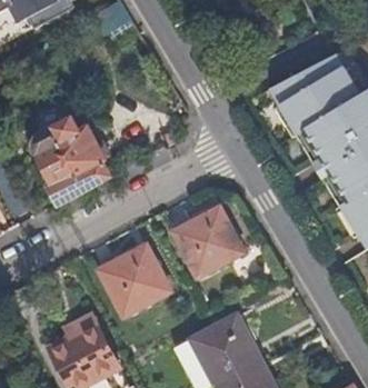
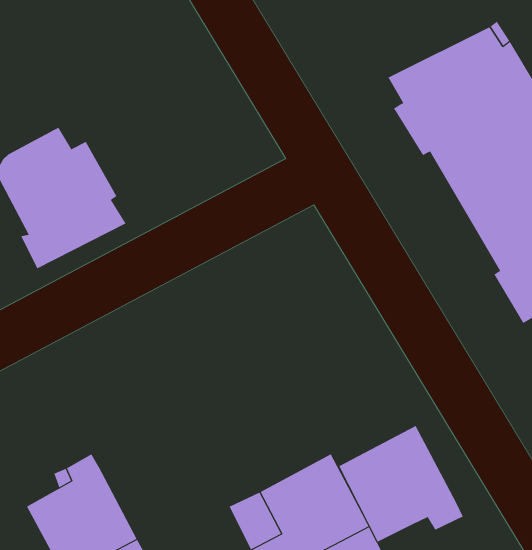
building: [175,203,242,272] -> none
building: [99,242,170,311] -> none
building: none -> [338,425,464,542]

